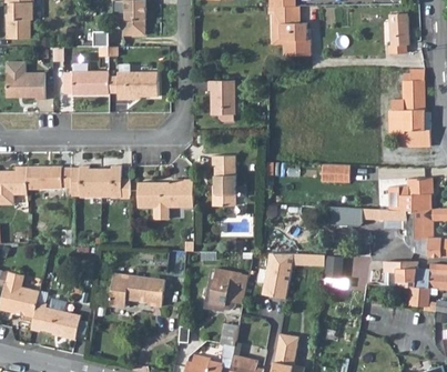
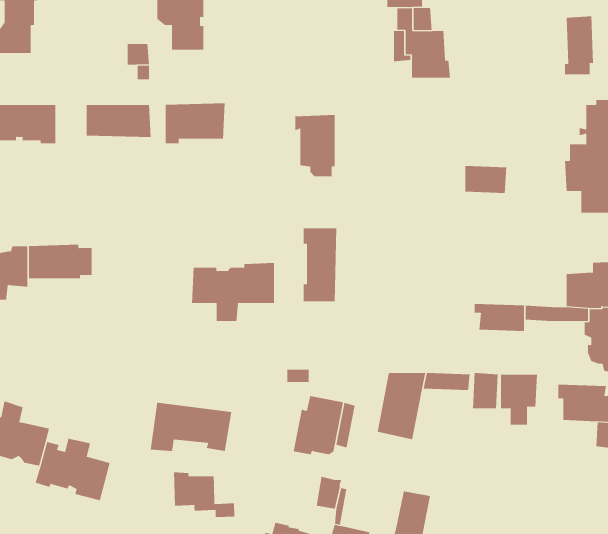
building: [321,163,349,182] -> [464,165,507,193]
building: [69,167,129,199] -> none
building: none -> [173,472,235,518]

